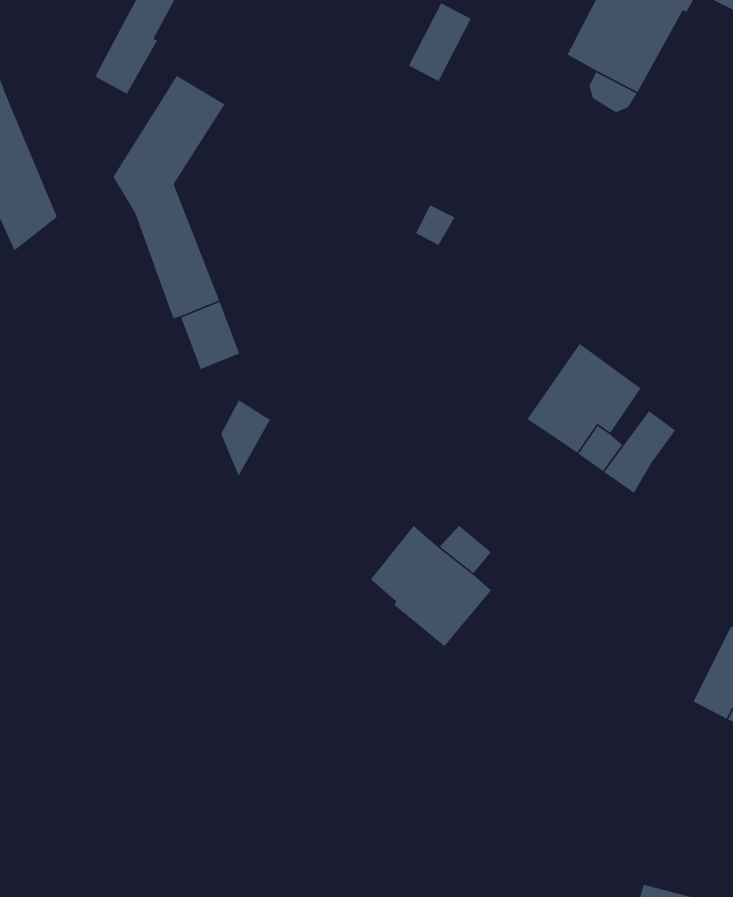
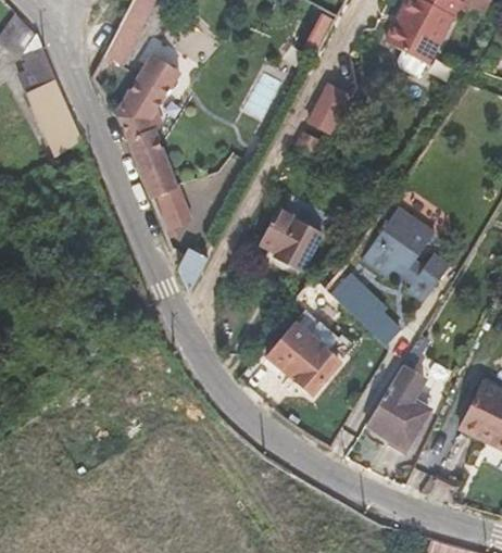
building: none -> [309,80,353,133]
building: none -> [258,208,323,273]
building: none -> [331,278,402,345]
building: none -> [367,362,434,448]

